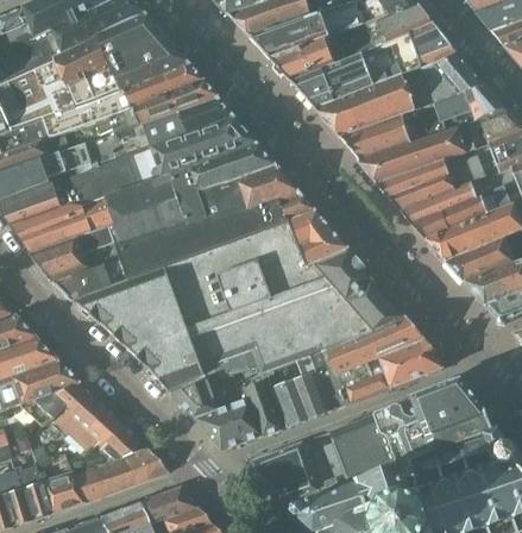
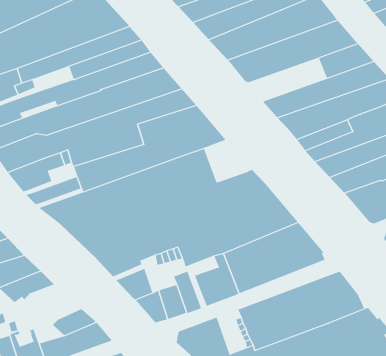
building: [341,105,444,161] -> none
building: [285,211,347,265] -> none
building: [52,399,126,451] -> none

